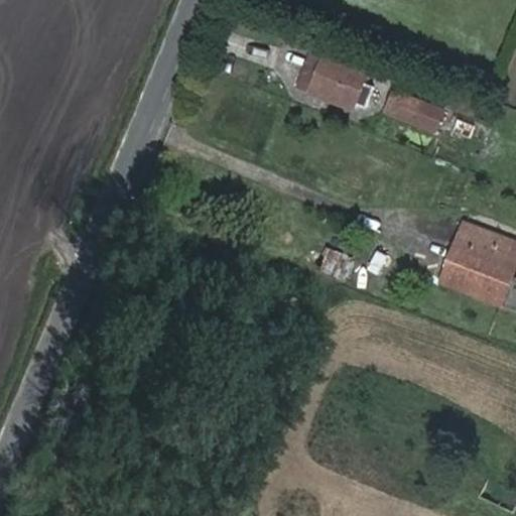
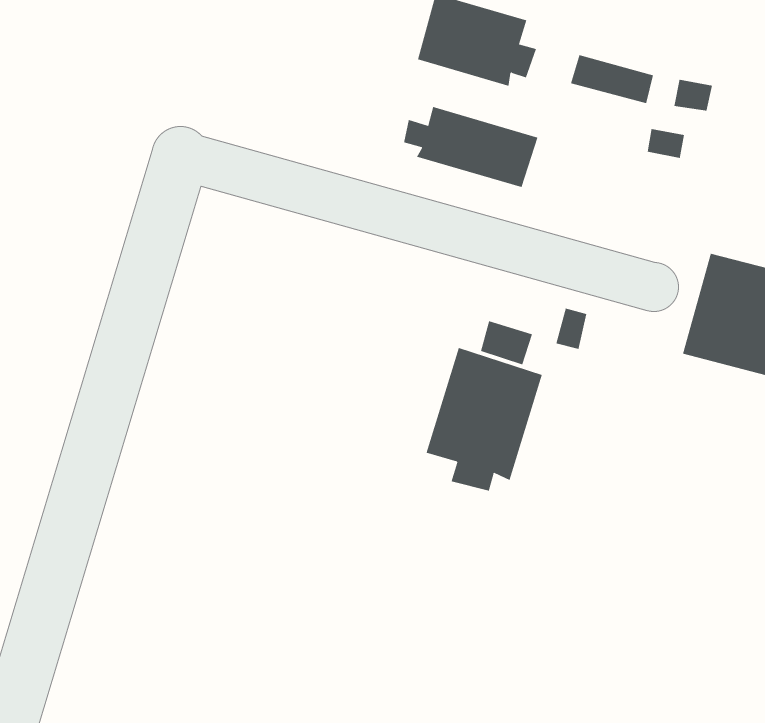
building: none -> [403,106,538,188]
building: none -> [426,347,543,492]

